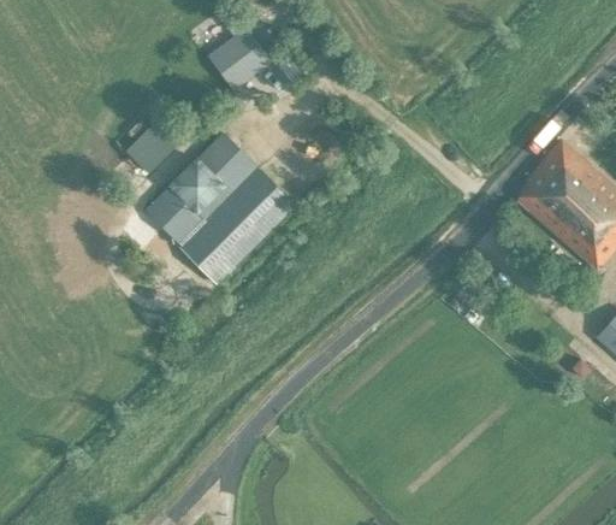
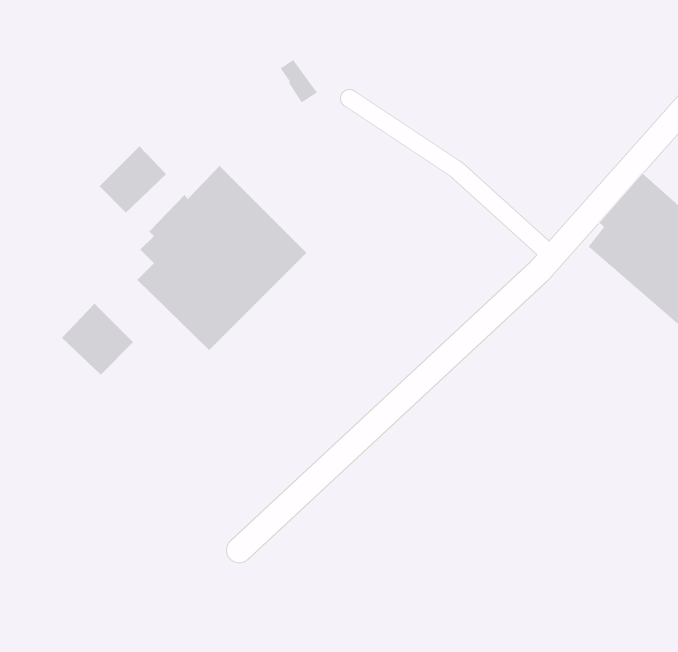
building: [209,31,268,87] -> none
building: none -> [61,303,134,376]

